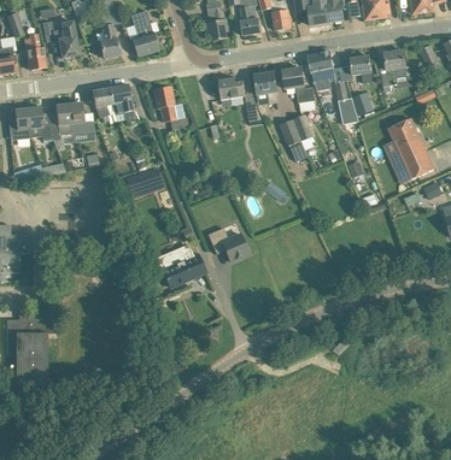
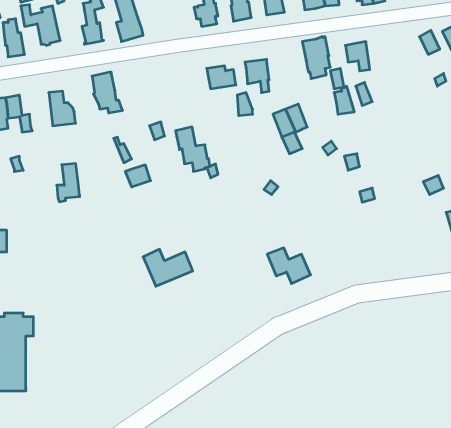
building: [381,51,406,92] -> none
building: [282,67,315,102] -> none
building: [153,87,186,129] -> [176,127,210,171]
building: [90,88,116,123] -> none
building: [49,104,71,140] -> [57,164,80,202]
building: [387,118,433,178] -> none
building: [206,228,247,261] -> [267,248,311,284]

